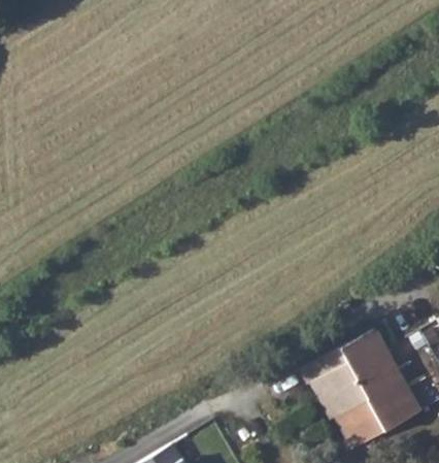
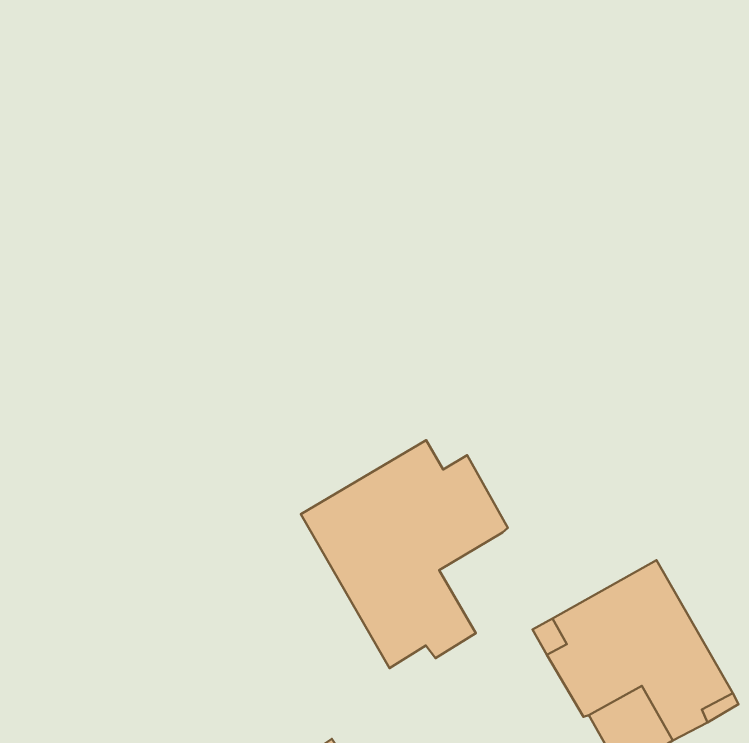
building: none -> [301,440,508,668]

